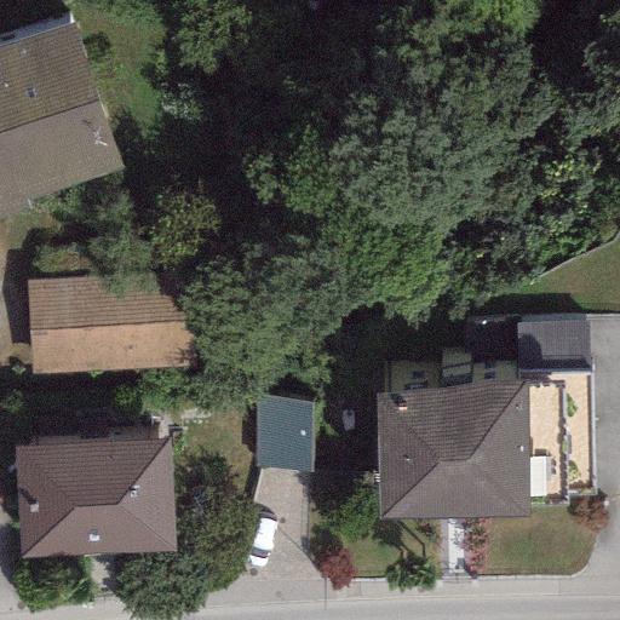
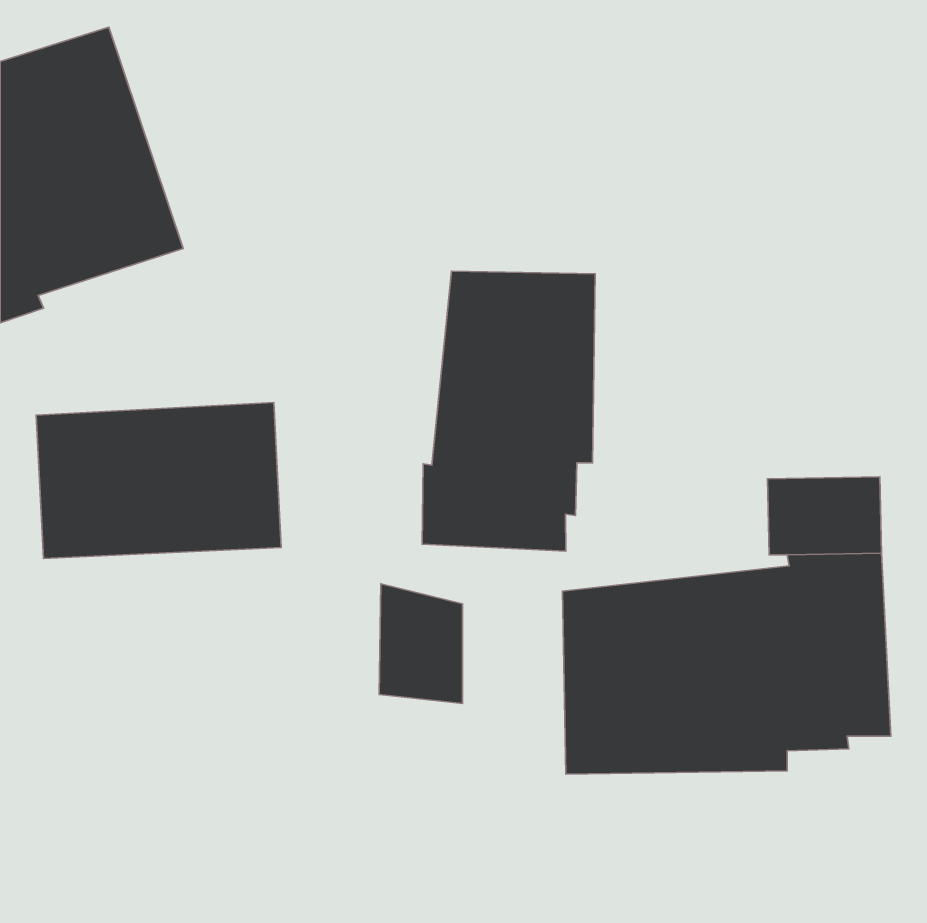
building: none -> [422,271,595,551]
building: [15,440,172,557] -> none

